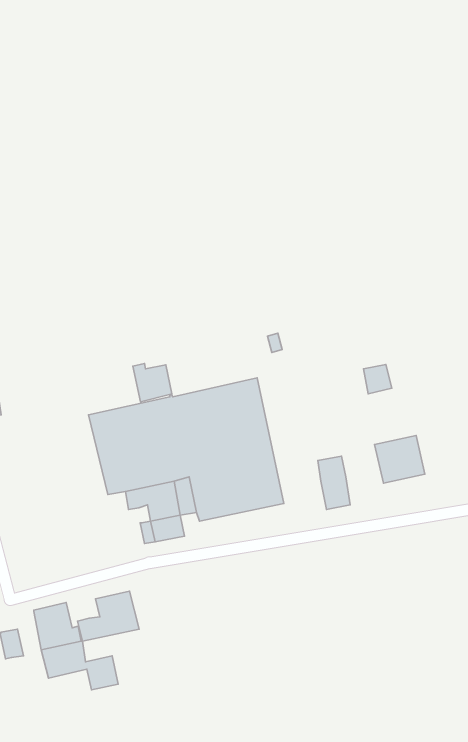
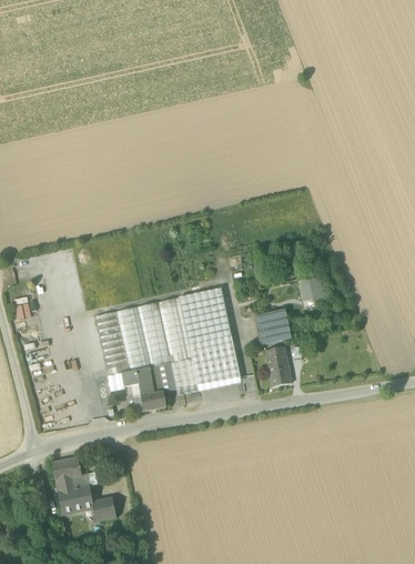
building: [133,363,172,402] -> none
building: [375,436,425,483] -> [254,309,292,344]
building: [77,591,139,641] -> none

